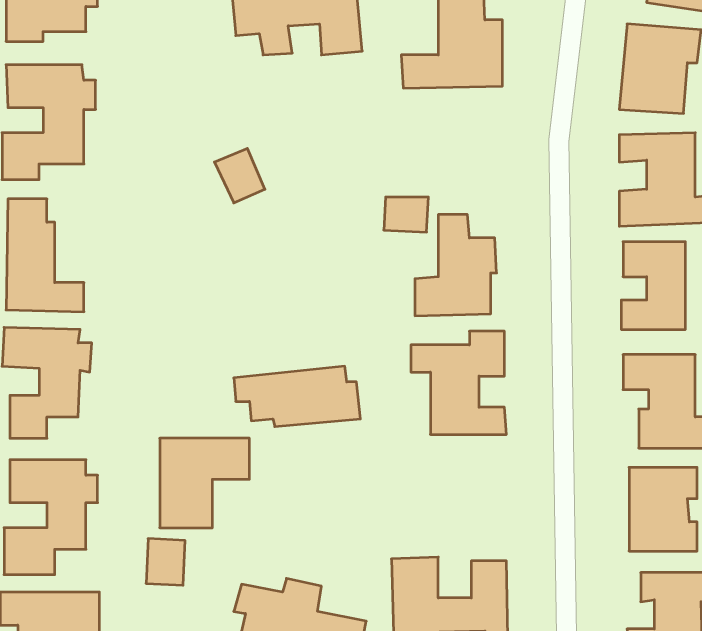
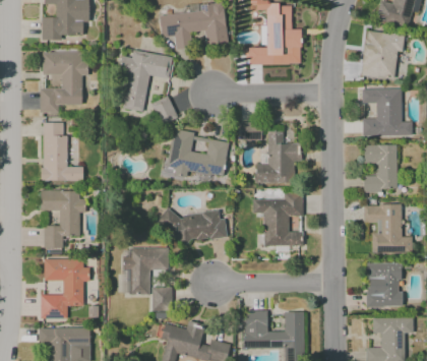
building: none -> [120,50,173,111]
building: none -> [168,131,229,176]
building: [146,539,185,585] -> [151,286,172,310]

